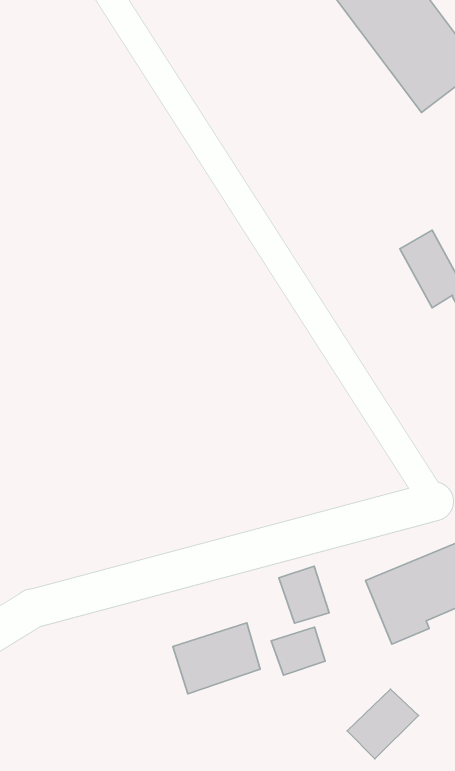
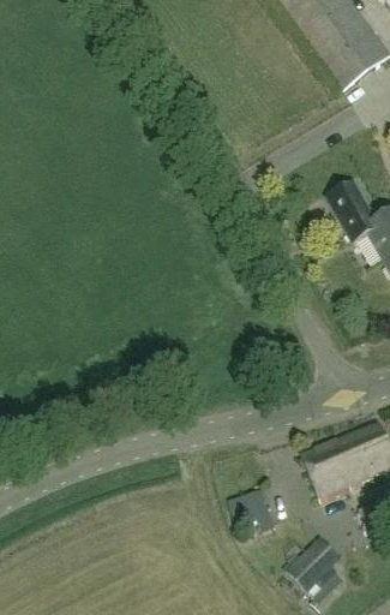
building: [279,566,329,623] -> none
building: [173,623,260,694] -> none

